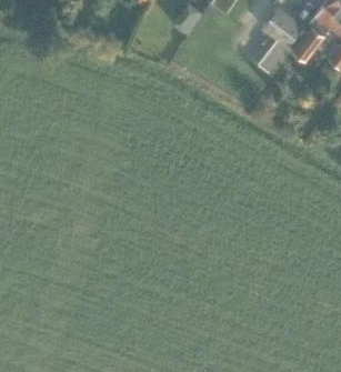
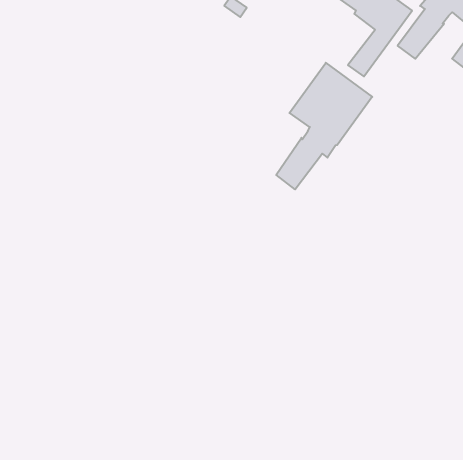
building: none -> [276,63,372,189]

